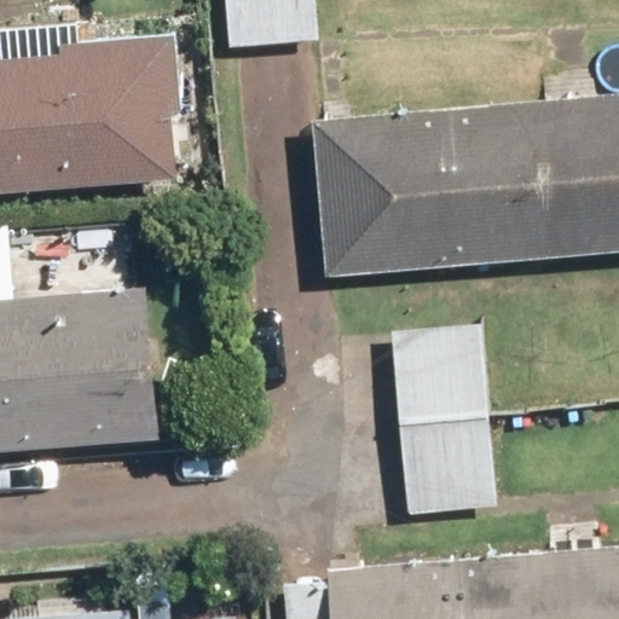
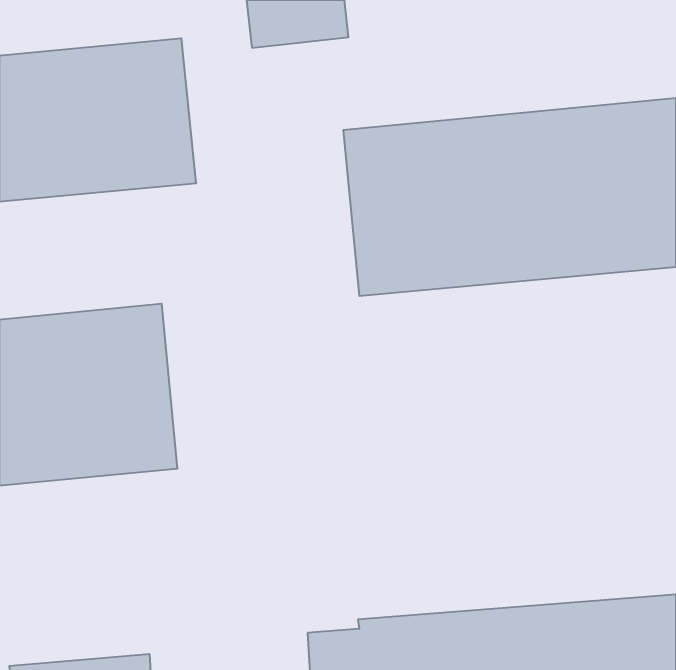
building: [392,330,499,516] -> none

